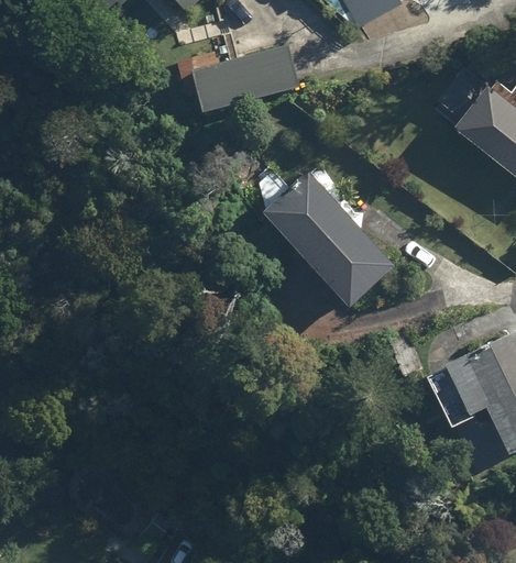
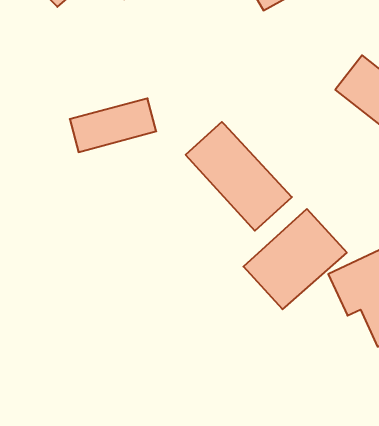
building: [189,43,299,111] -> [70,98,156,152]
building: none -> [243,209,347,309]

